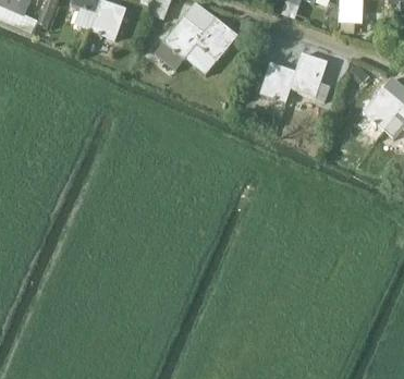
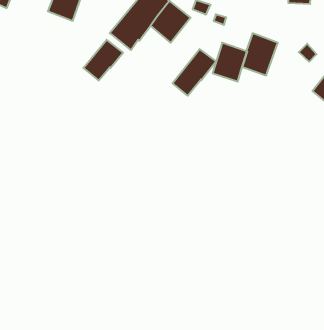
building: none -> [83,40,123,81]
building: none -> [173,49,216,96]

